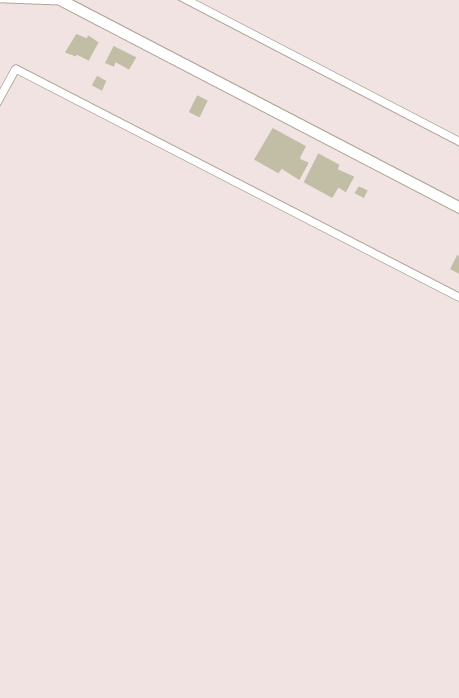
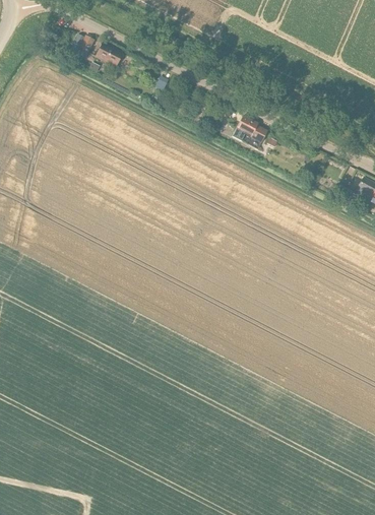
building: [253,127,310,181] -> none

